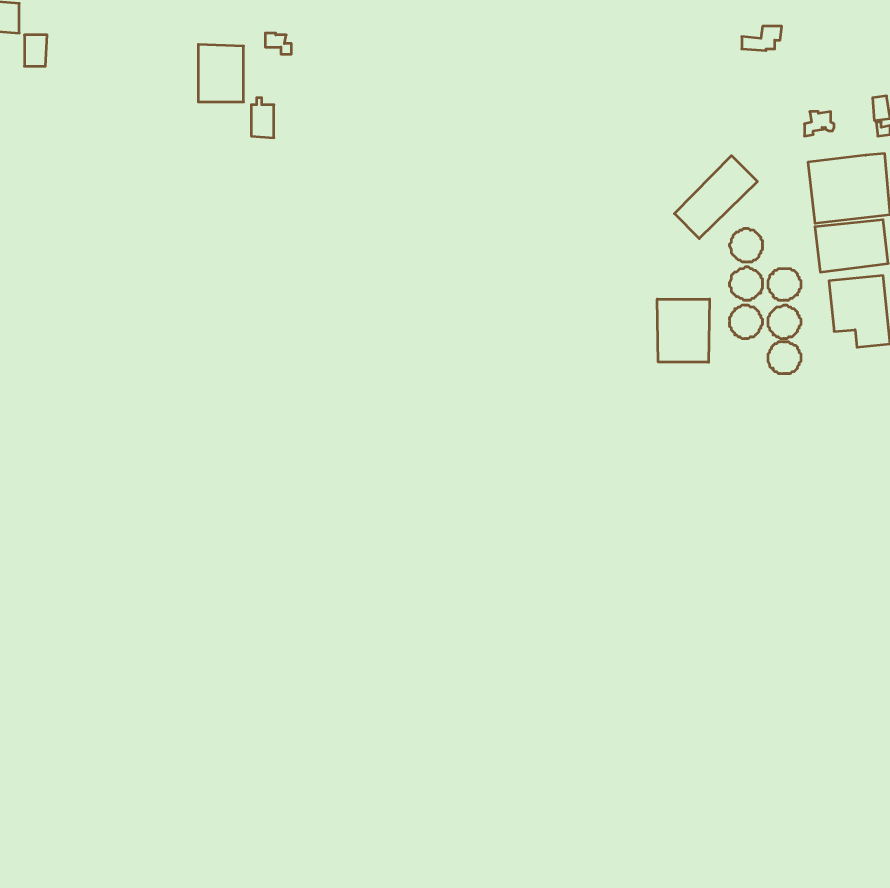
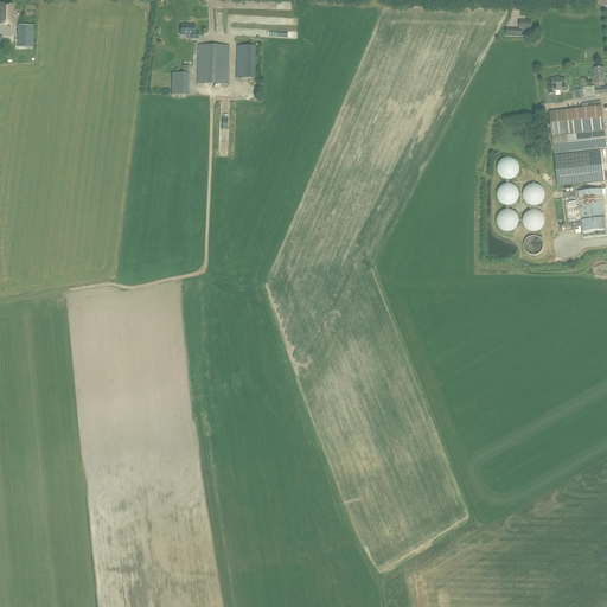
building: [198,44,244,102] -> [197,43,228,82]
building: none -> [236,44,255,76]
building: [674,156,757,239] -> none
building: [657,299,710,362] -> none

